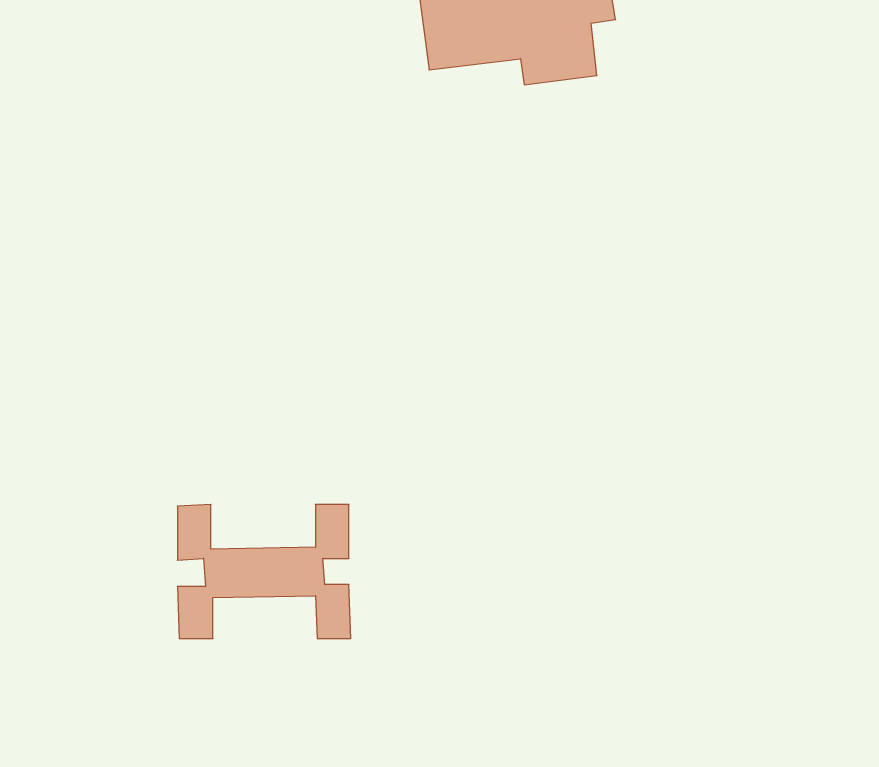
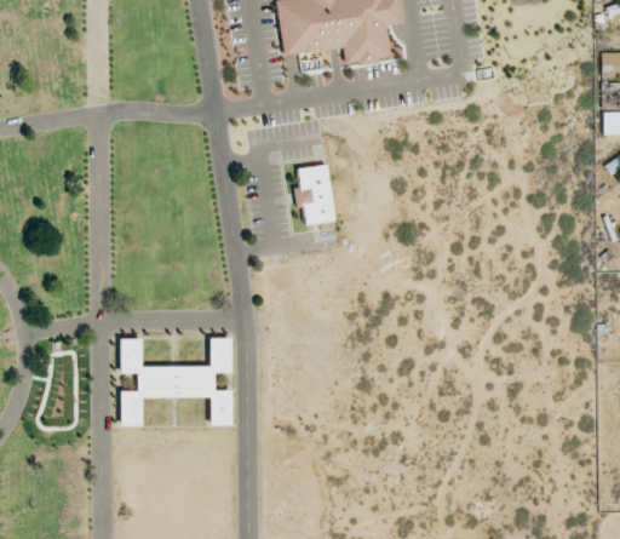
building: none -> [294,164,334,223]

